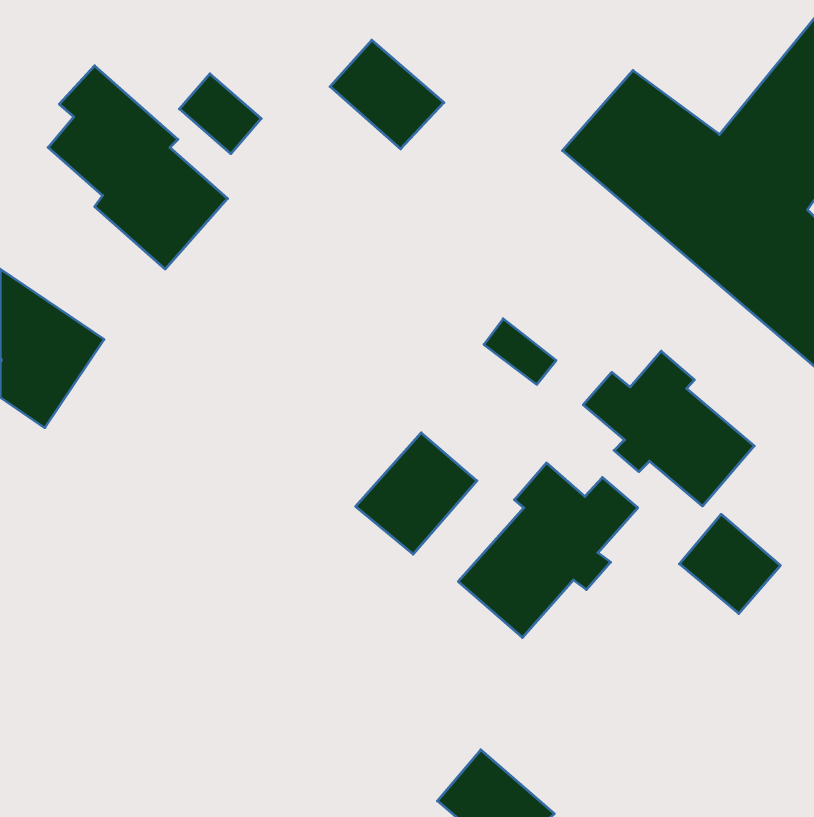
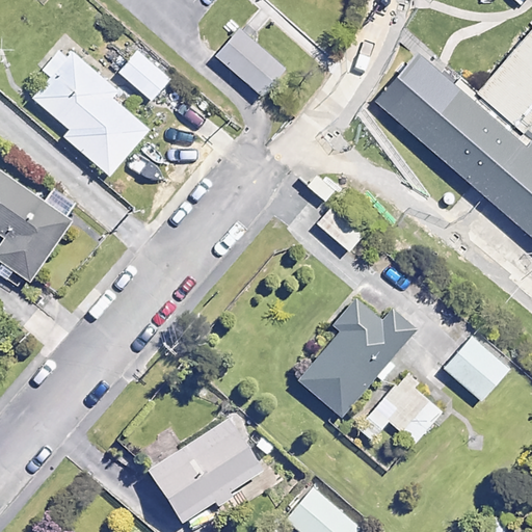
building: [583,351,754,506] -> none
building: [356,433,477,554] -> none
building: none -> [360,377,444,444]
building: none -> [149,421,261,522]

